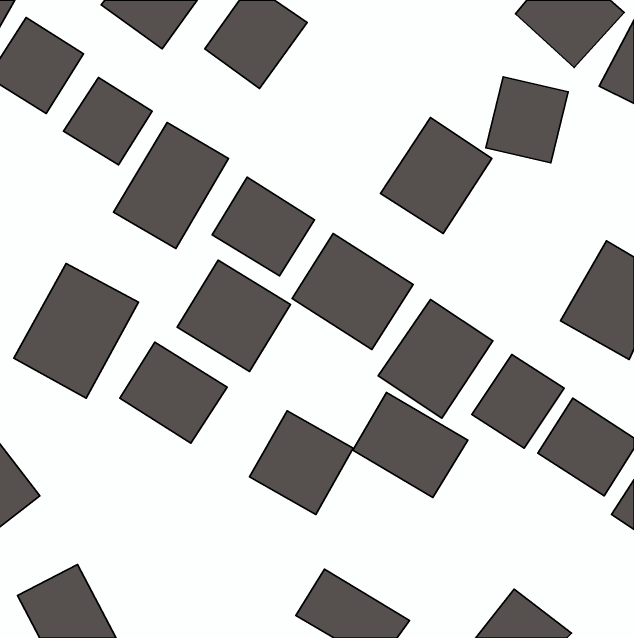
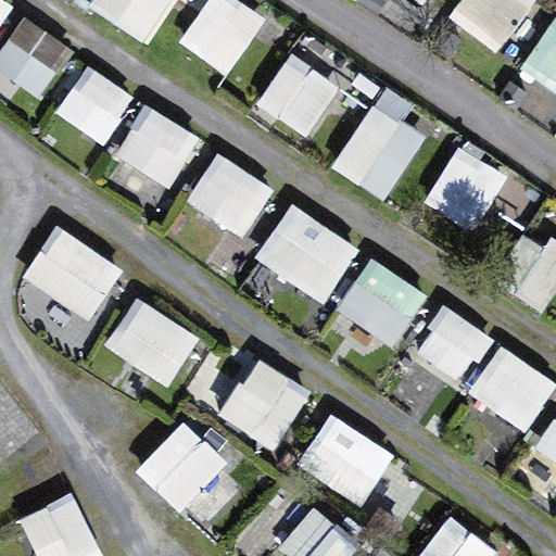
building: none -> [258,54,340,137]
building: [486,77,568,163] -> [431,153,503,228]
building: [177,260,291,371] -> none
building: [353,393,468,497] -> [300,414,400,505]
building: none -> [134,419,227,513]

